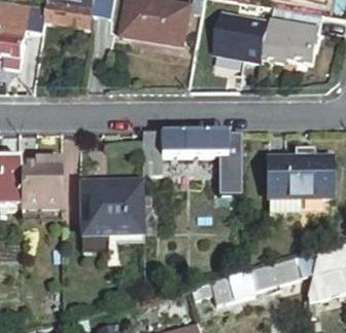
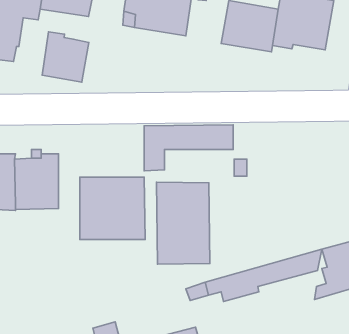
building: none -> [42,32,89,82]
building: [264,150,331,216] -> none
building: none -> [156,182,210,264]

